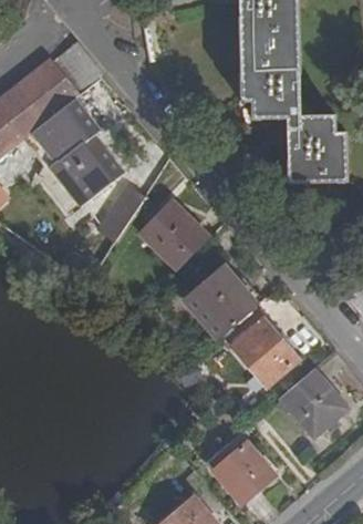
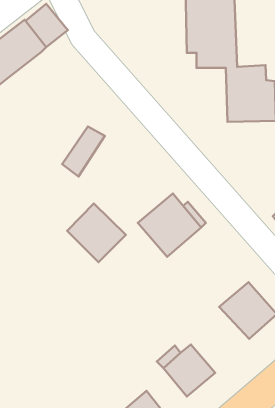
building: [32,100,121,206] -> none
building: [141,202,209,270] -> [67,204,126,262]
building: [231,319,298,387] -> none

